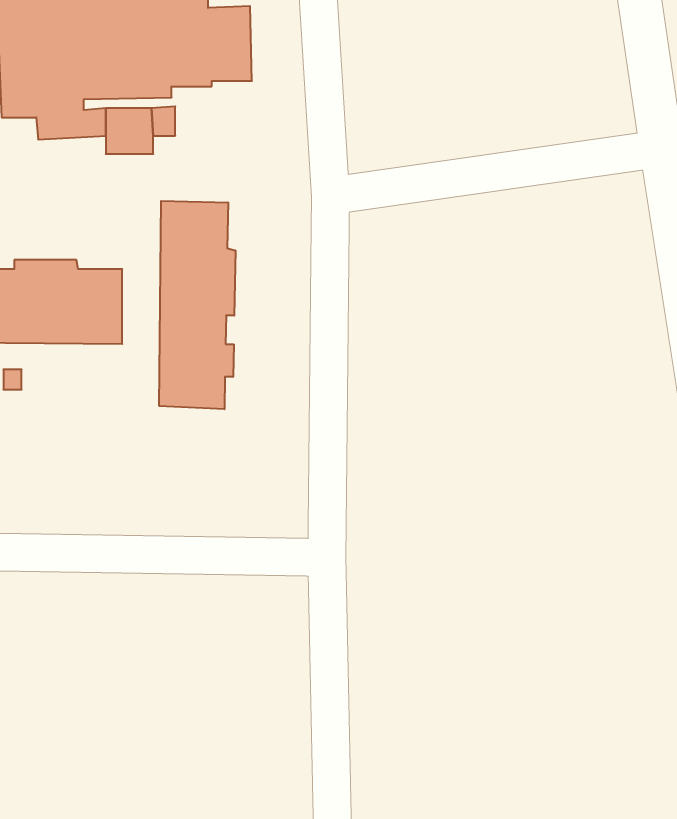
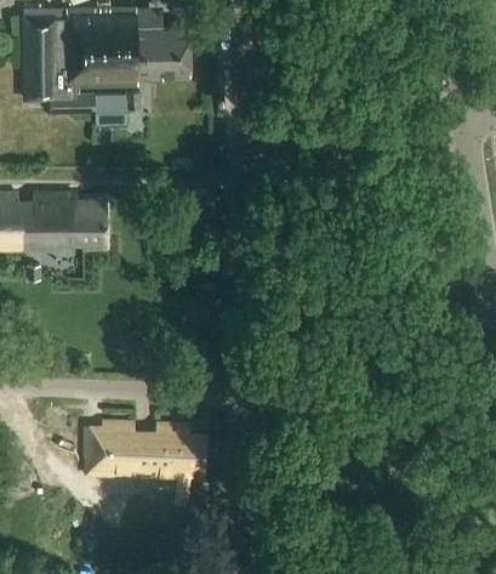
building: [159,201,235,409] -> none
building: none -> [82,421,205,506]

